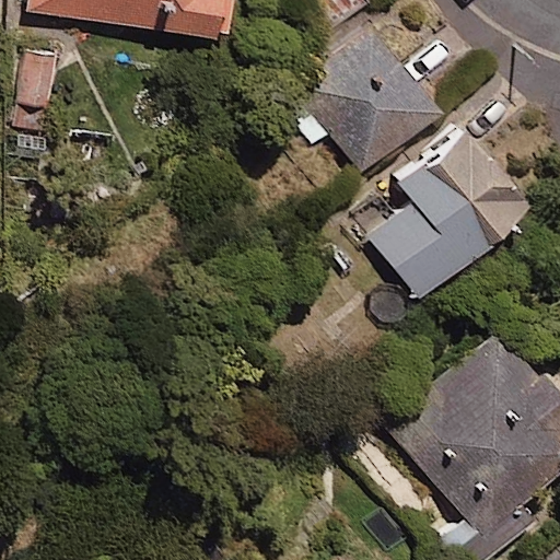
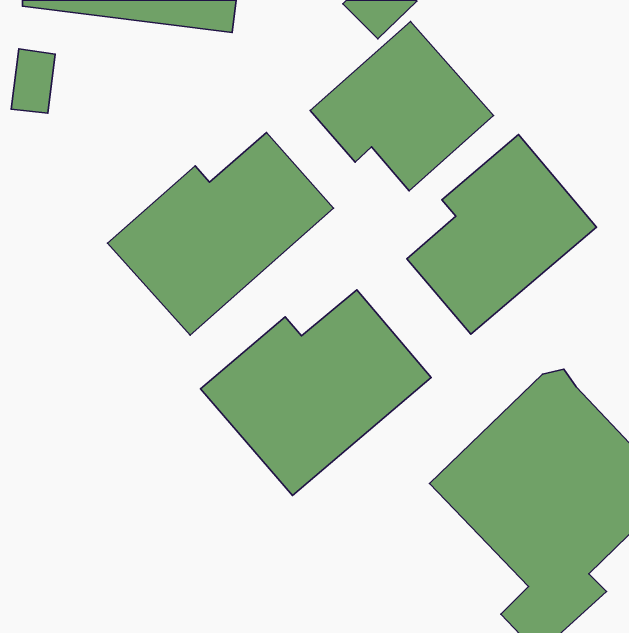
building: none -> [107,133,334,335]
building: none -> [200,290,431,496]

